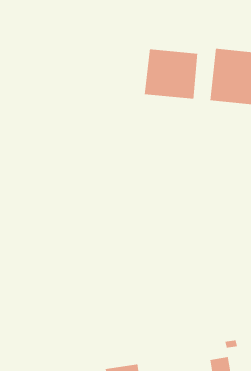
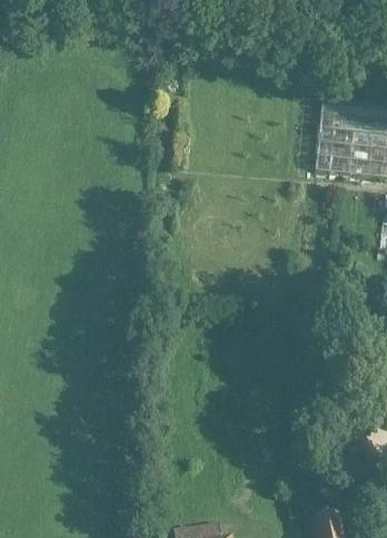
building: [144,49,198,100] -> none

